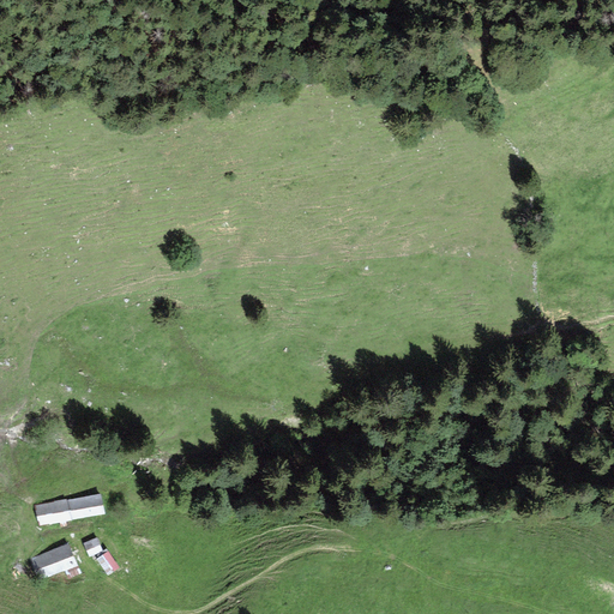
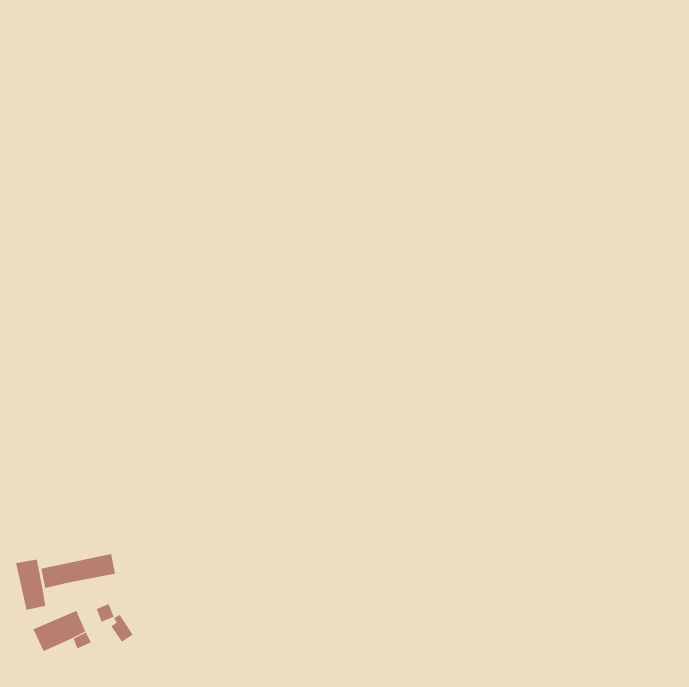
building: none -> [16,559,46,611]

